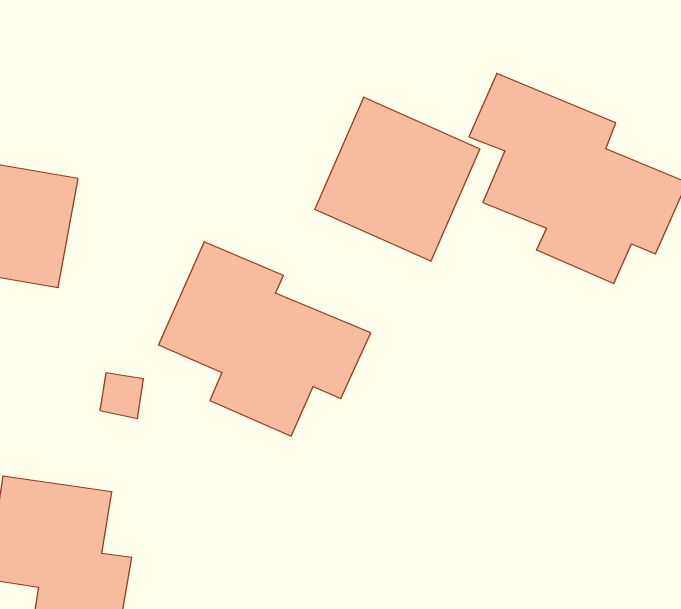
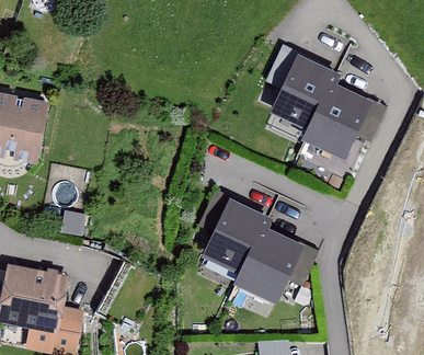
building: [315,97,480,261] -> none
building: [158,242,371,436] -> [202,199,319,307]

